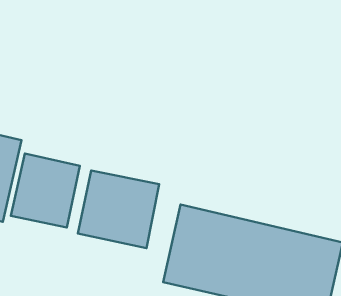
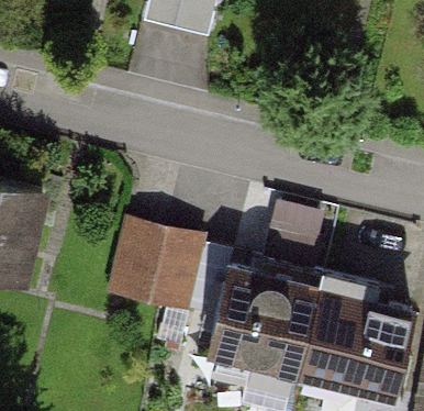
building: [11,153,80,228] -> none

